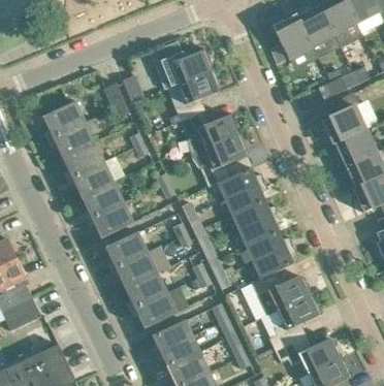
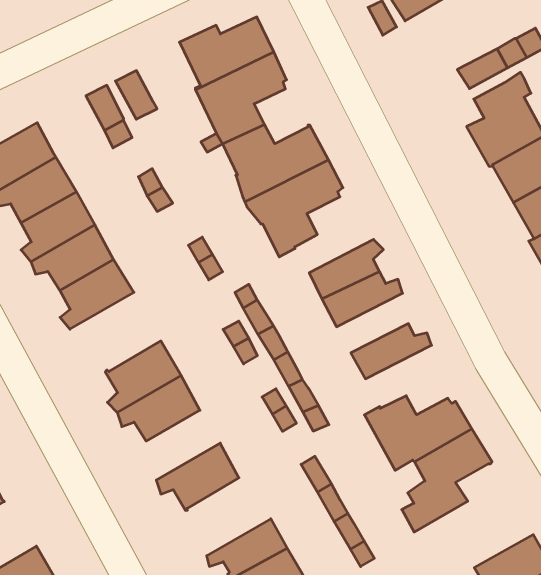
building: [217,166,262,197] -> none
building: [85,201,132,238] -> none
building: [237,213,282,245] -> none
building: [252,244,295,278] -> none
building: [123,271,166,310] -> none
building: [149,319,192,355] -> none
building: [274,334,342,373] -> none

